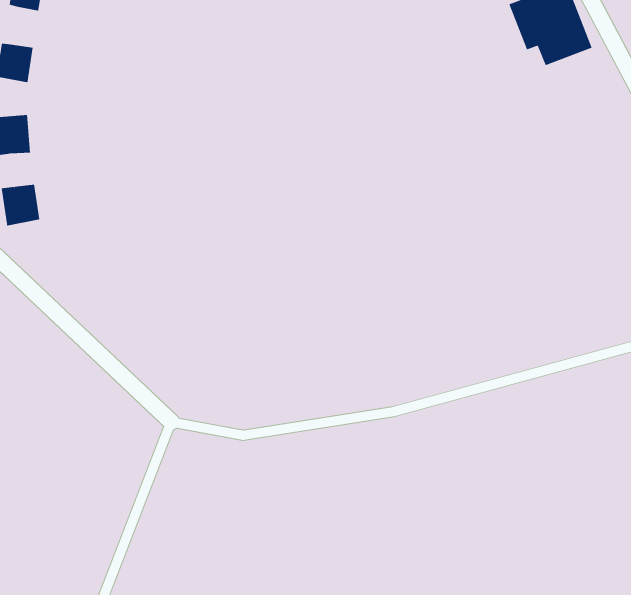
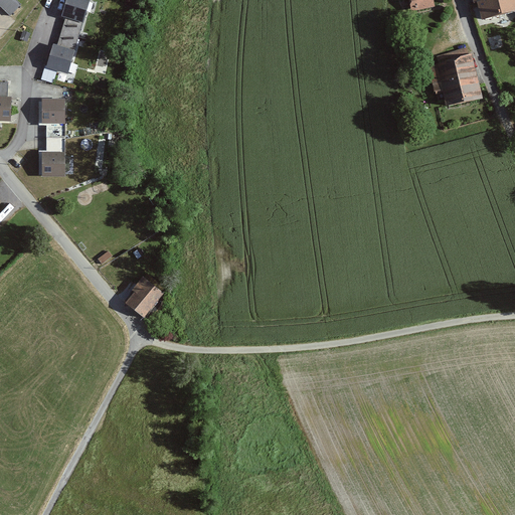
building: none -> [56,17,81,48]
building: none -> [48,124,63,148]
building: none -> [125,278,163,316]

